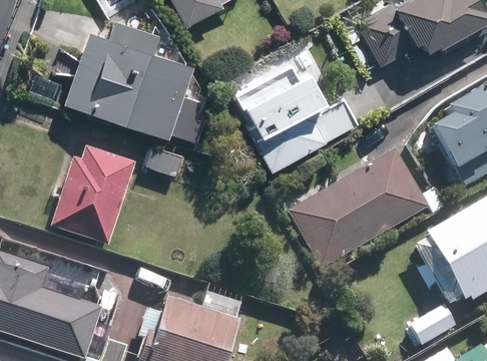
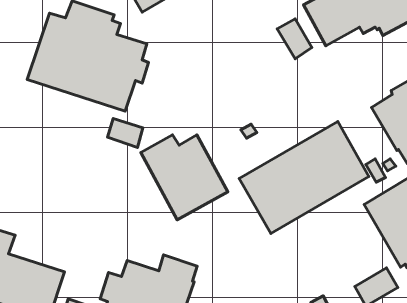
building: [229,71,323,162] -> [141,135,228,220]
building: [50,147,135,245] -> none

